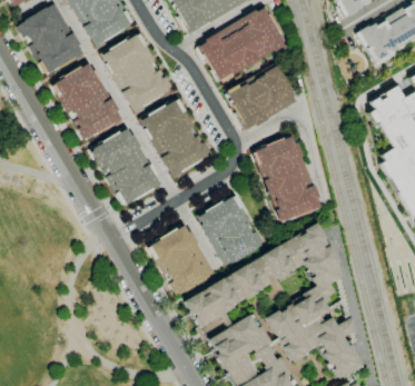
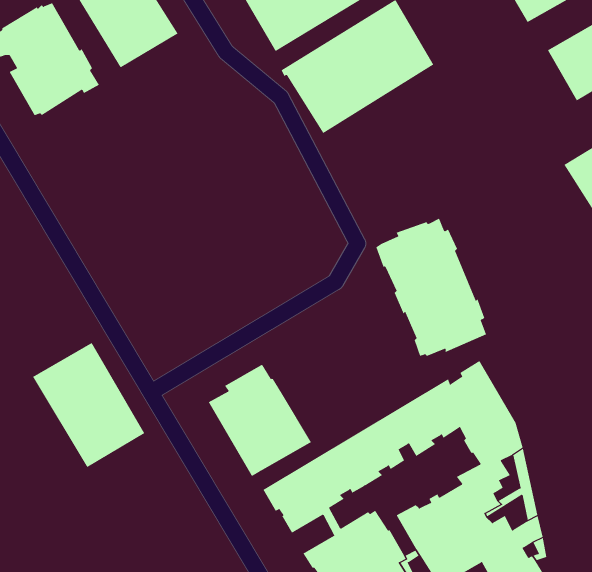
building: [101,34,170,110] -> none
building: [226,60,297,130] -> none
building: [49,66,118,142] -> none
building: [142,100,210,176] -> none
building: [89,129,158,206] -> [32,342,145,468]
building: [198,196,264,265] -> none

